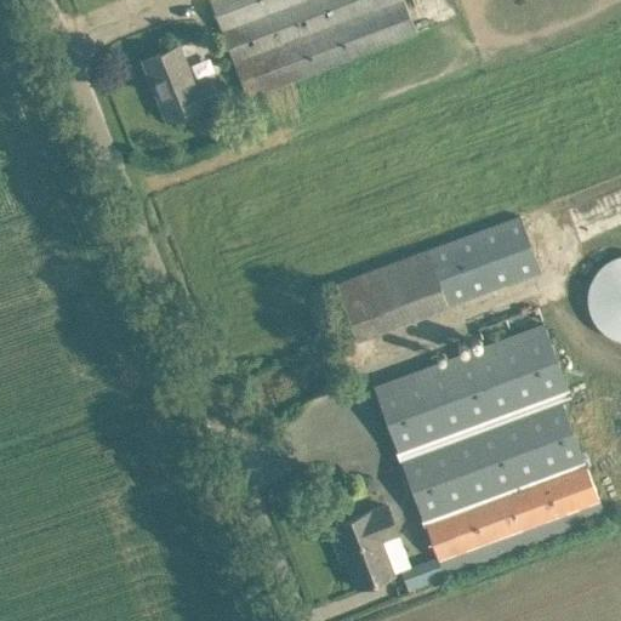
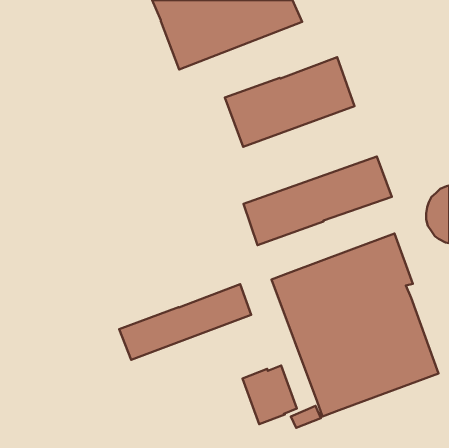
building: [144,45,220,120] -> none
building: none -> [225,57,355,147]
building: none -> [119,284,251,360]

